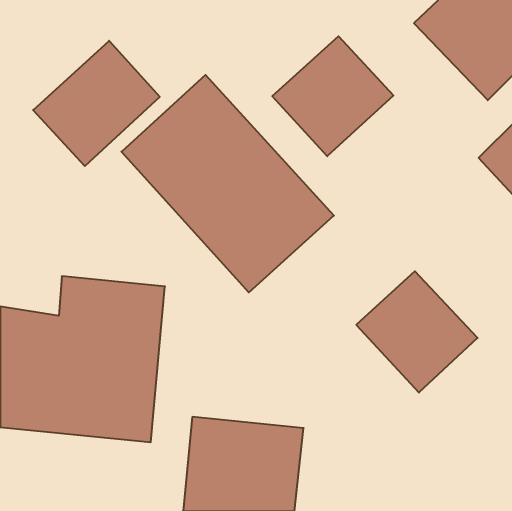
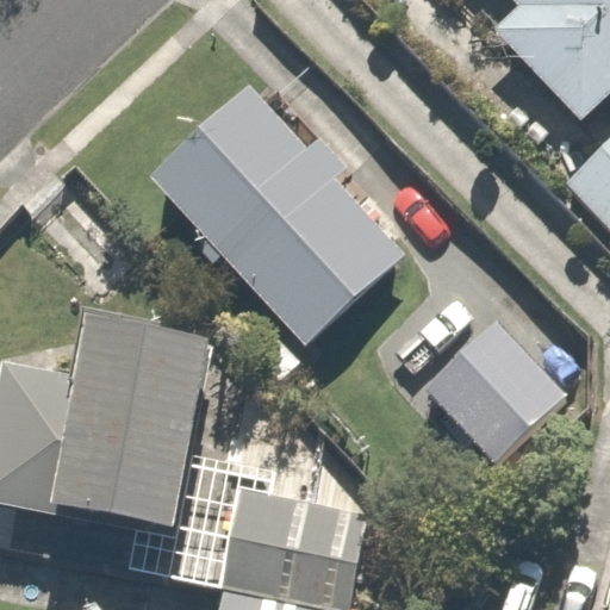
building: [272,36,393,156] -> none
building: [33,41,160,166] -> none

